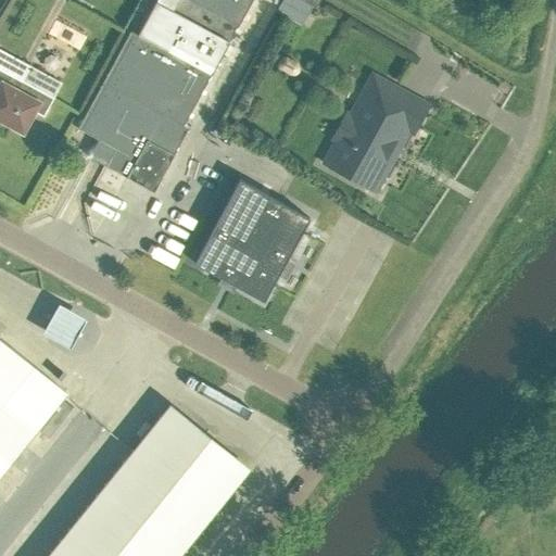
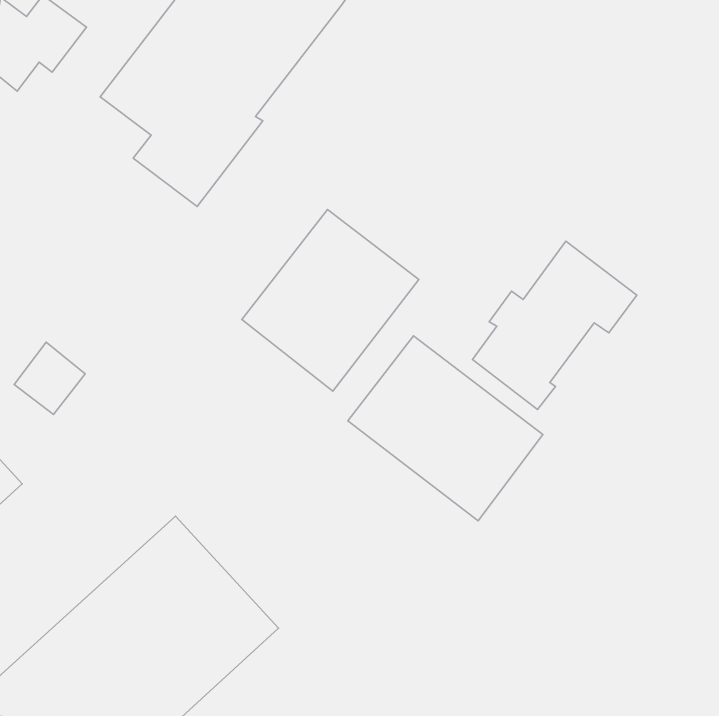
building: [326,76,430,192] -> [472,241,637,410]
building: none -> [348,336,543,521]

